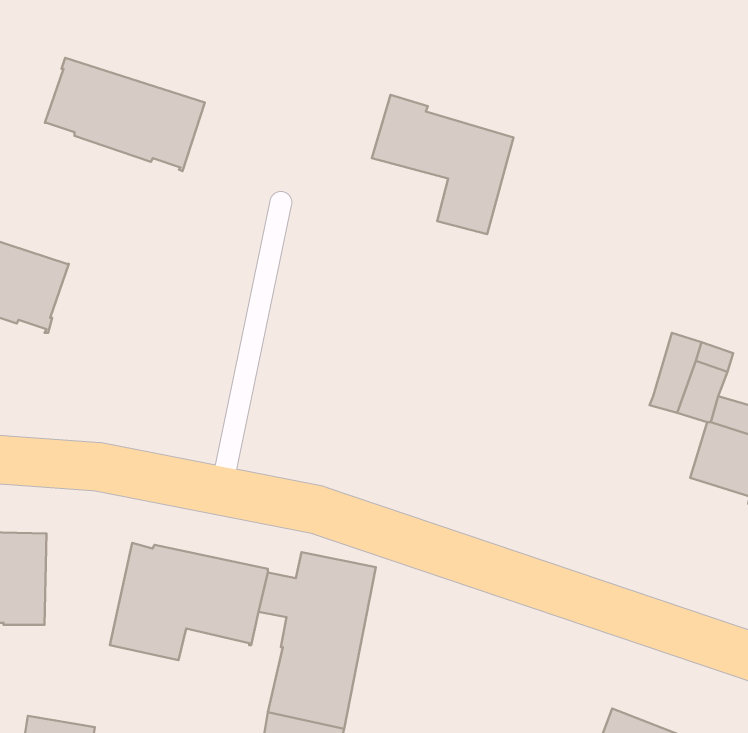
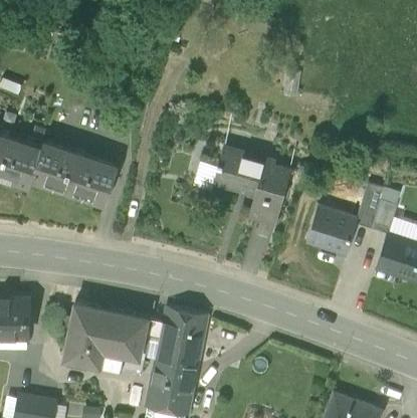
building: [45,58,205,171] -> [31,145,118,206]
building: [372,95,513,234] -> [213,151,289,226]
building: none -> [306,210,357,256]

